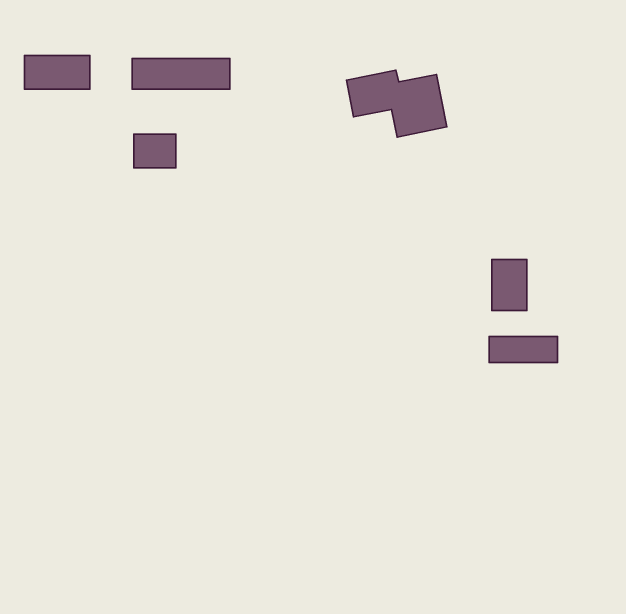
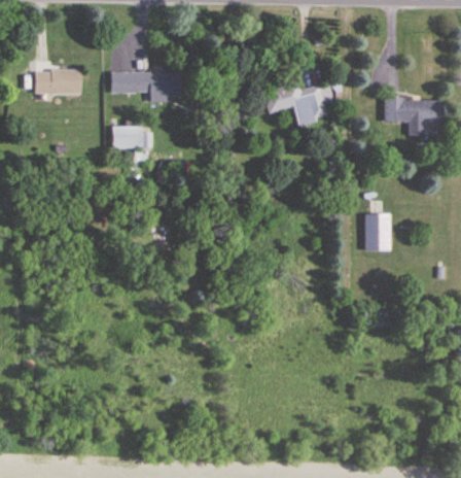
building: none -> [384,100,441,137]
building: [489,337,557,362] -> none

